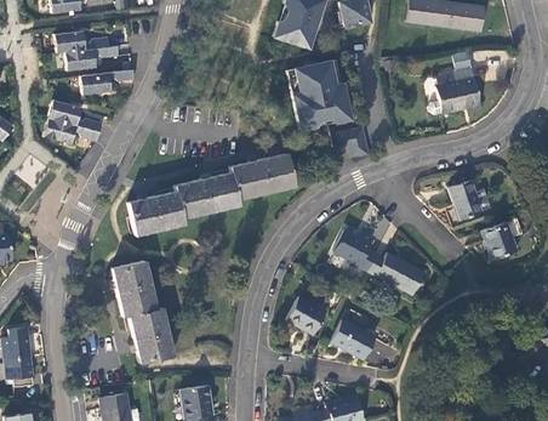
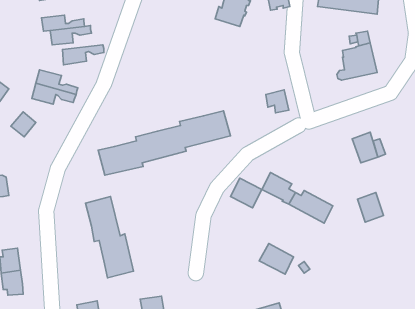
building: [289,59,349,130] -> none
building: [483,222,515,260] -> [358,193,384,222]
building: [286,297,326,335] -> [230,178,262,208]

